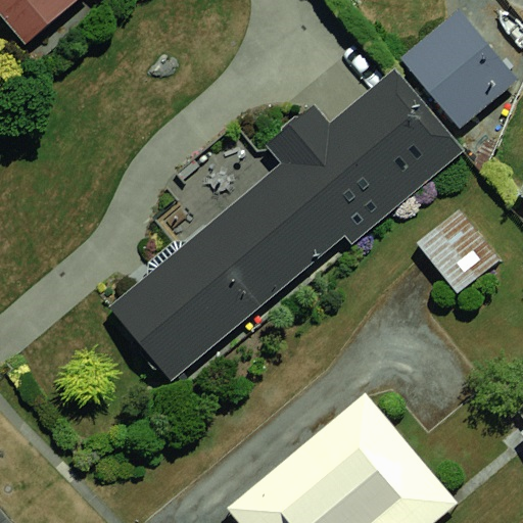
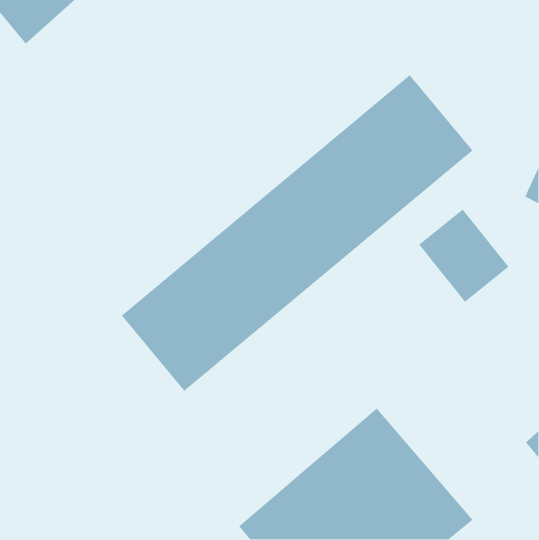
building: [394,5,513,127] -> none

